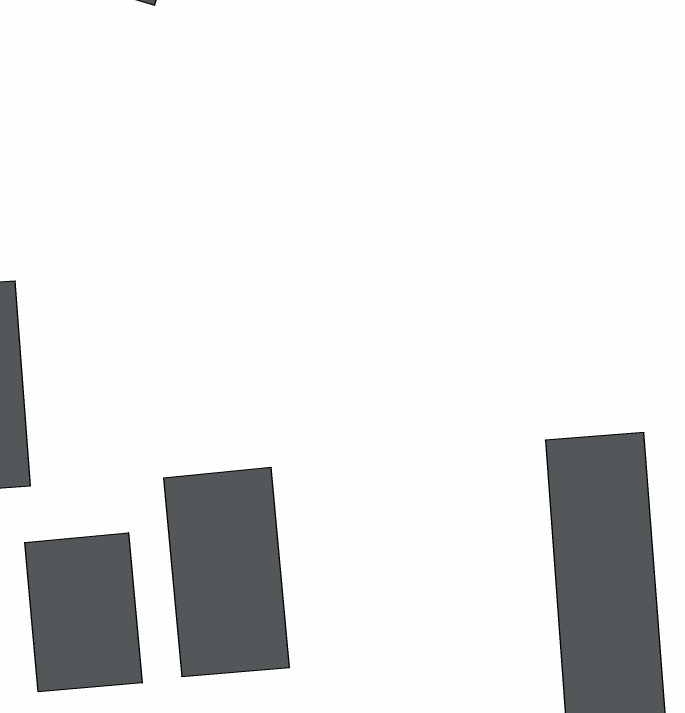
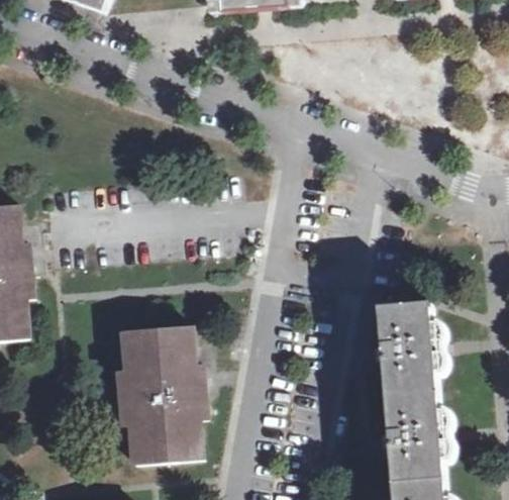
building: [25,533,142,692] -> none

